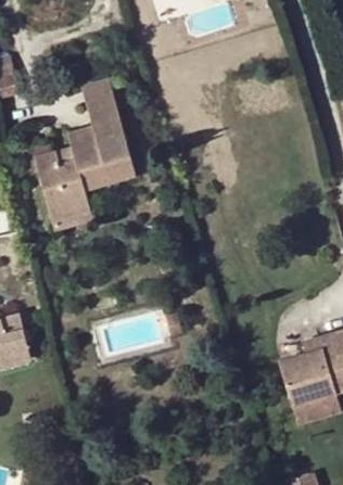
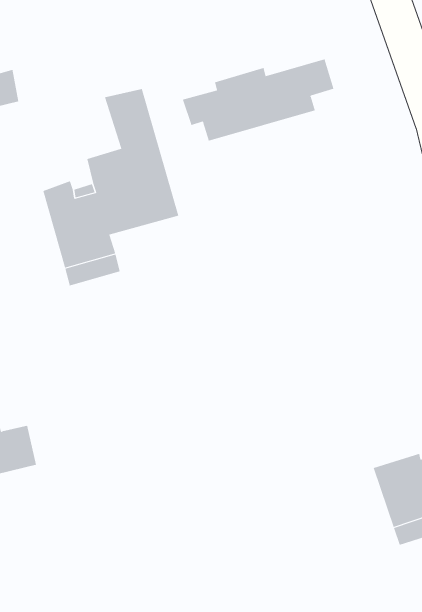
building: none -> [182,59,334,142]

